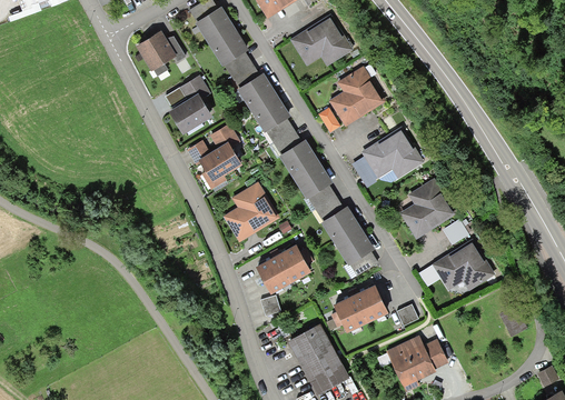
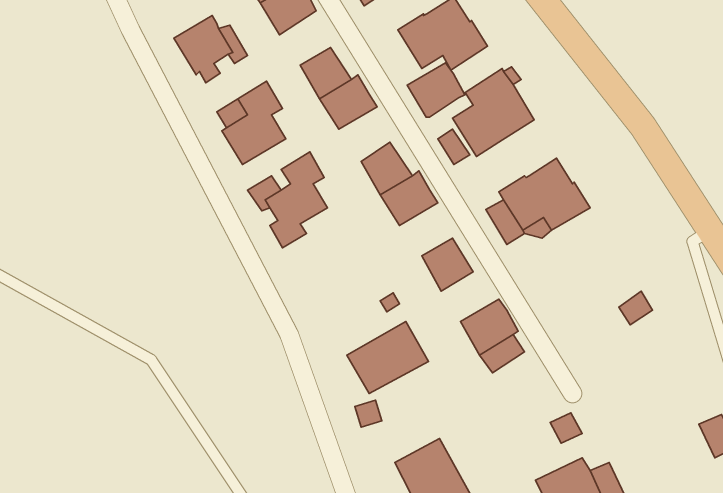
building: [208,26,248,64] -> none
building: [249,92,289,130] -> [407,63,465,117]
building: [291,159,331,198] -> none
building: [399,178,456,239] -> none
building: [222,181,279,242] -> none
building: [320,204,360,241] -> none
building: [432,240,495,291] -> none
building: [330,282,387,330] -> none

